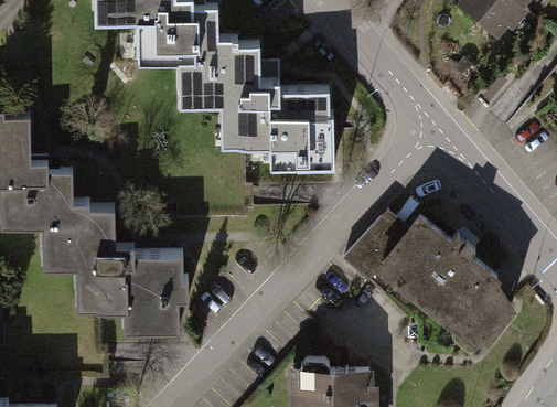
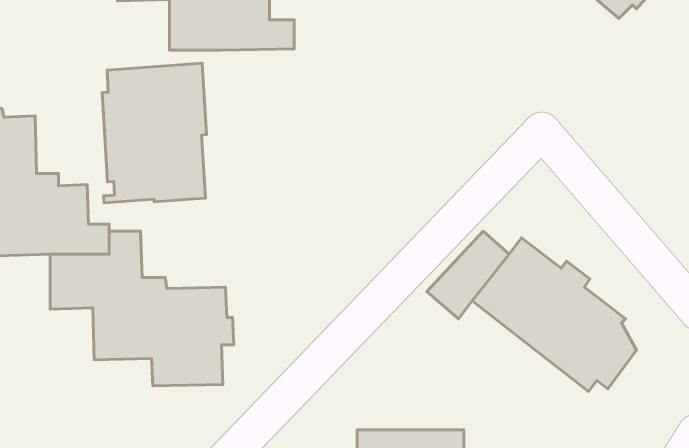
building: [179,45,334,169] -> none
building: none -> [102,63,207,203]

